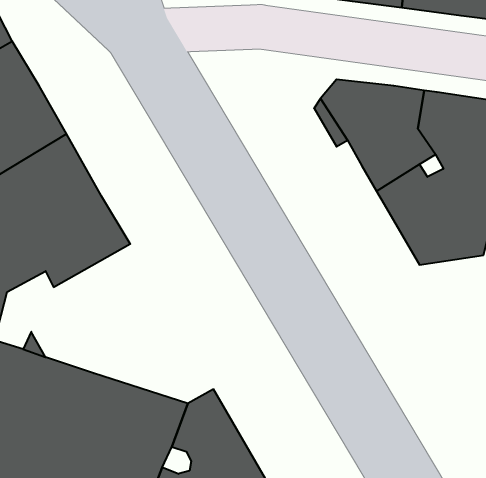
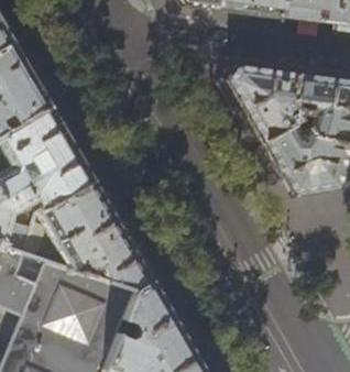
building: none -> [36,178,152,288]

